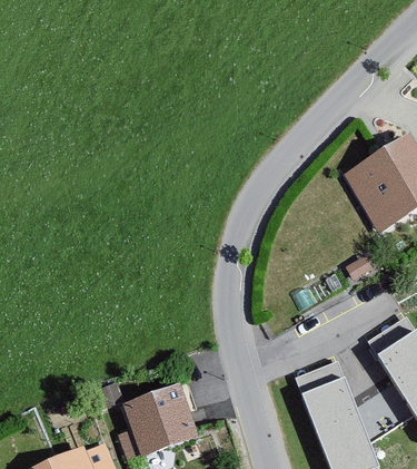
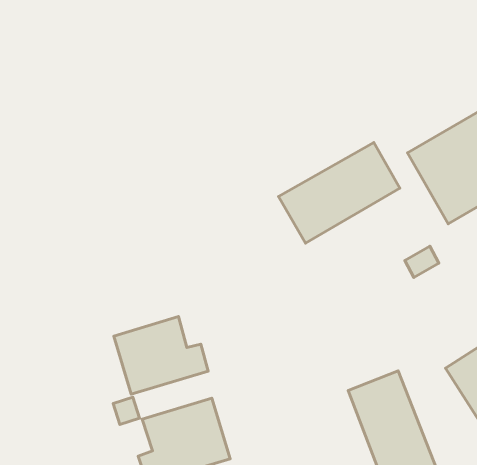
building: none -> [279,142,400,243]
building: none -> [114,317,208,394]

